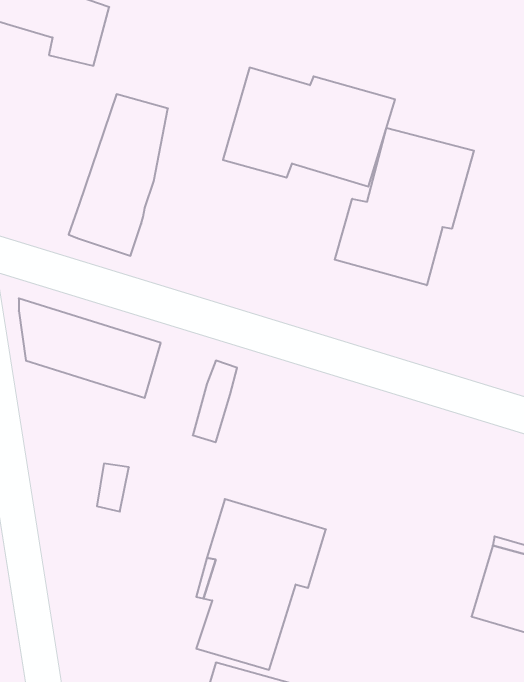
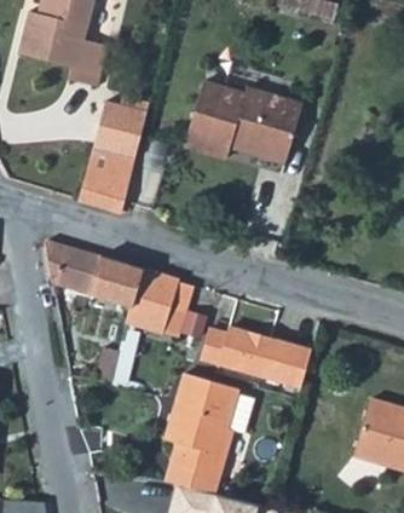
building: [335,128,474,285] -> none
building: none -> [127,270,179,333]
building: none -> [201,330,311,390]

